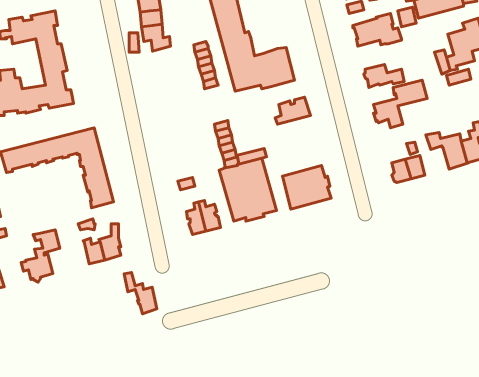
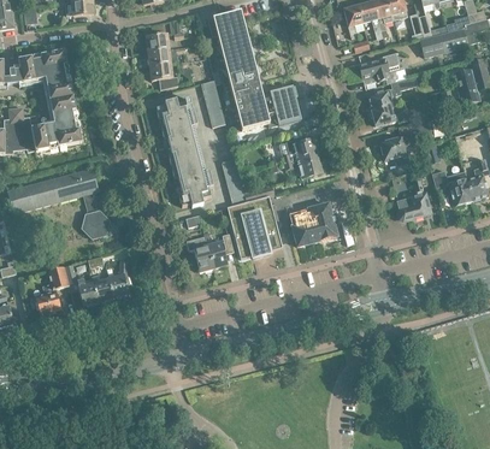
building: none -> [368,76,417,107]
building: none -> [155,98,211,206]
building: none -> [282,153,321,177]
building: [124,272,157,314] -> [65,264,98,305]

